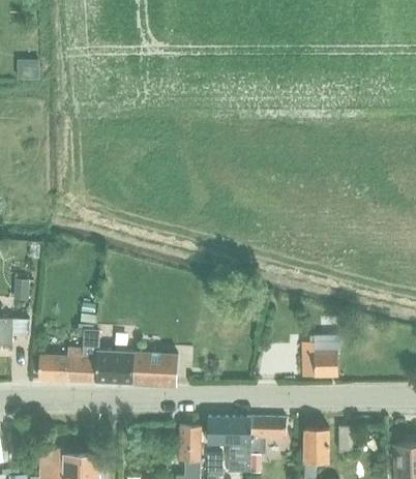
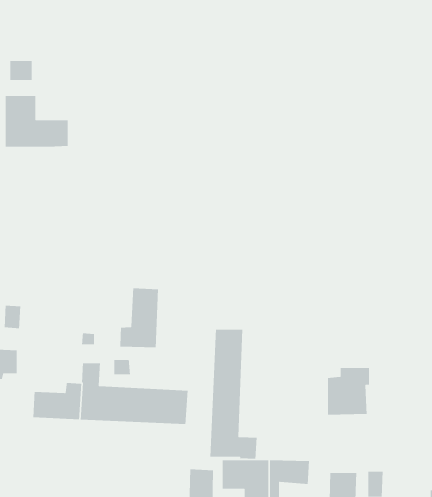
building: none -> [5,95,68,148]
building: none -> [120,288,159,348]
building: none -> [210,329,258,459]

